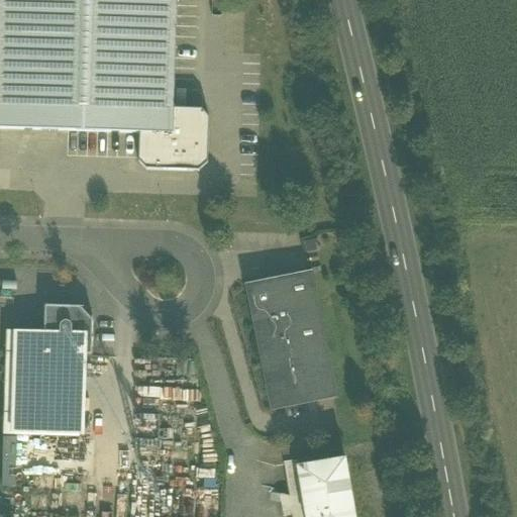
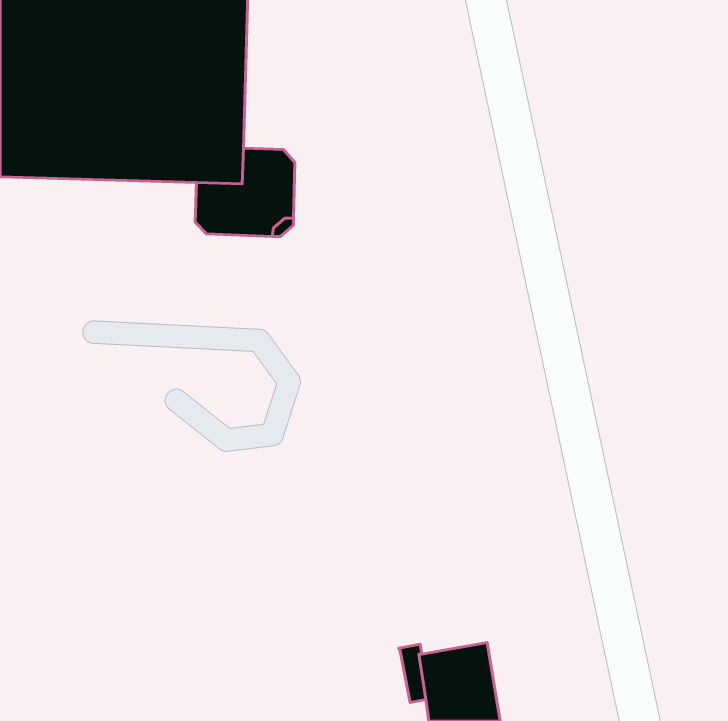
building: [250,273,332,401] -> none
building: [4,303,93,434] -> none

